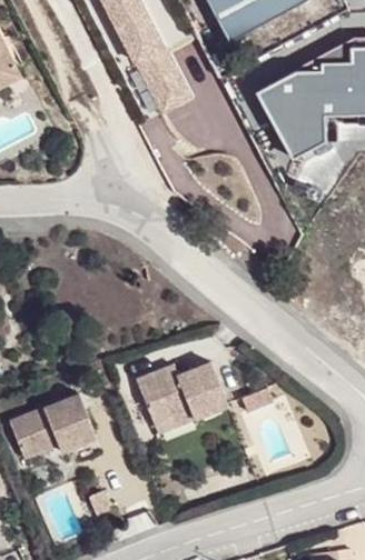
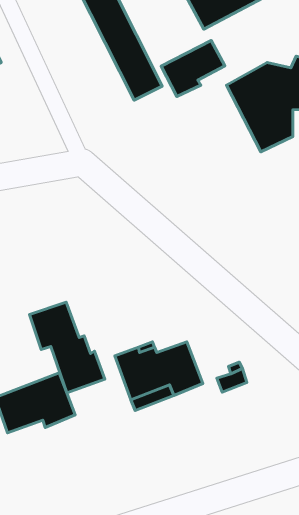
building: none -> [161,40,225,97]
building: none -> [30,302,105,393]

